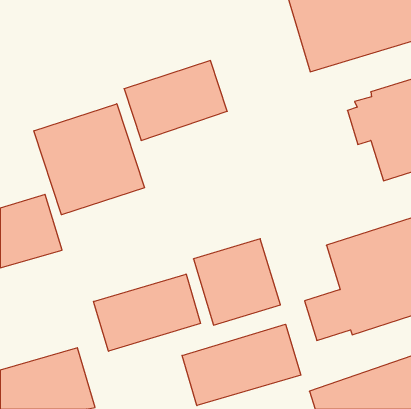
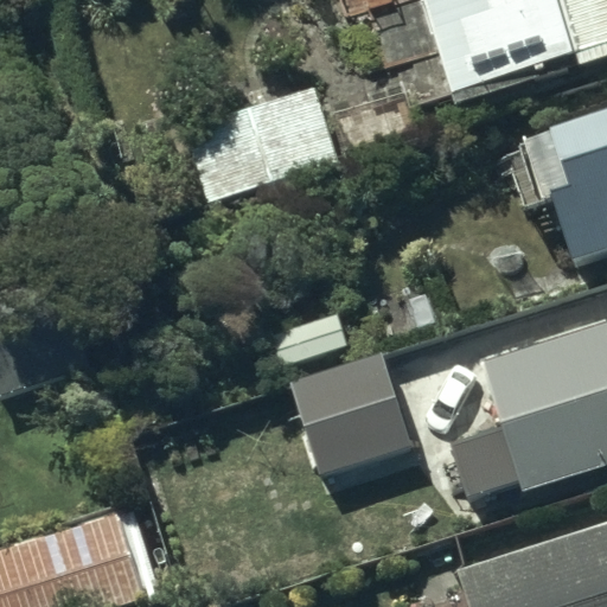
building: [34,104,144,215] -> none
building: [94,274,201,351] -> none
building: [182,324,301,406] -> none

